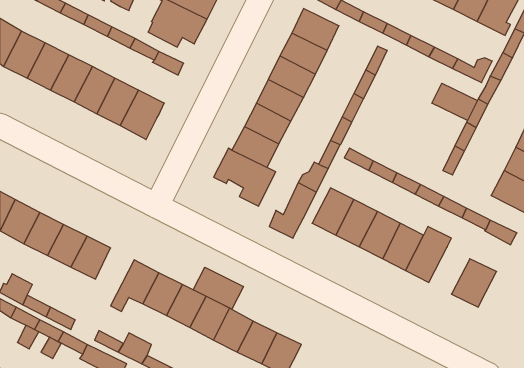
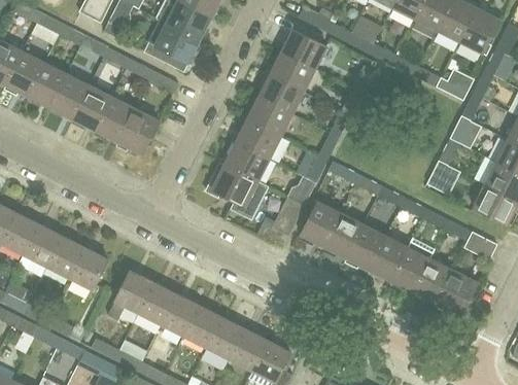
building: [432,83,477,120] -> none
building: none -> [413,257,452,303]
building: [193,267,243,309] -> none

